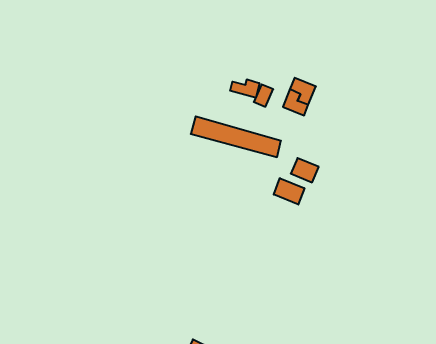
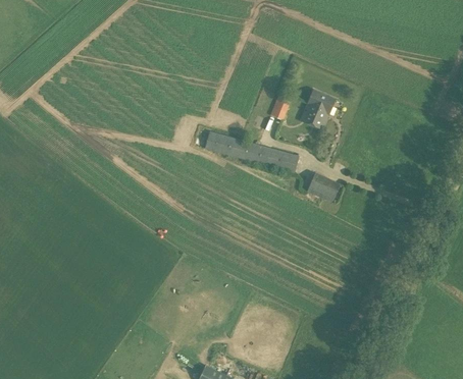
building: [230,79,259,98] -> none
building: [274,178,304,205] -> none

